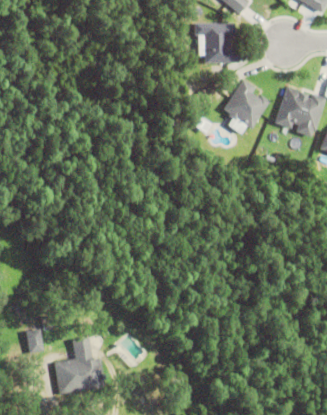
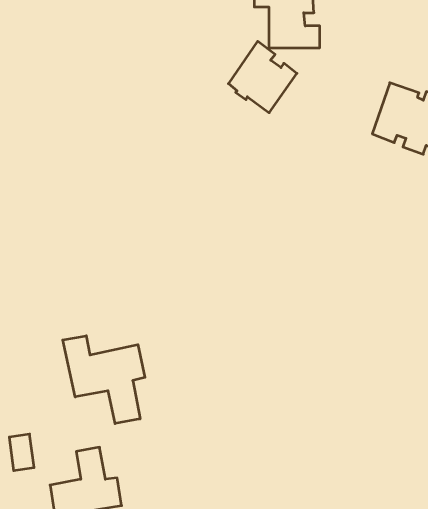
building: [222,80,269,129] -> [228,41,297,113]
building: none -> [63,336,145,424]

